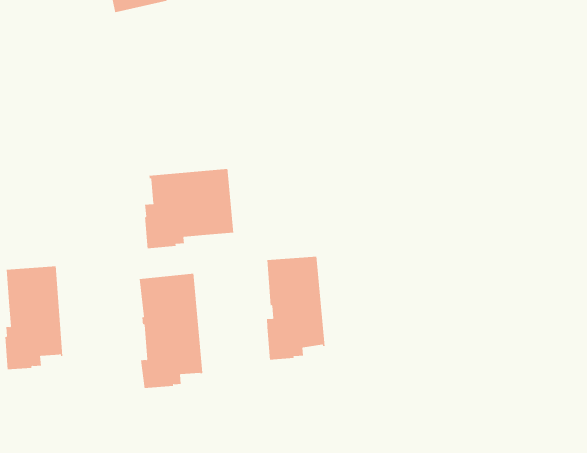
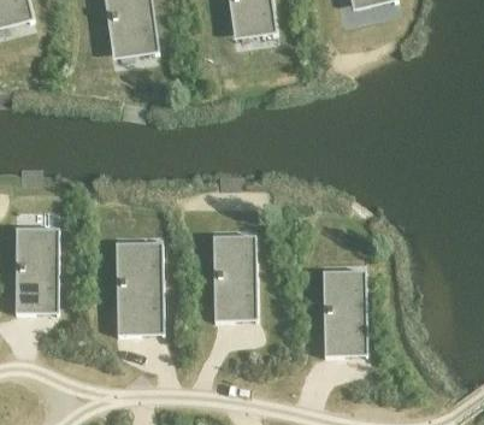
building: [144,168,234,249] -> none
building: none -> [321,279,365,356]

